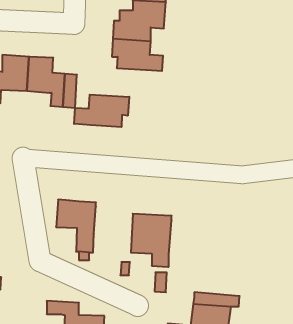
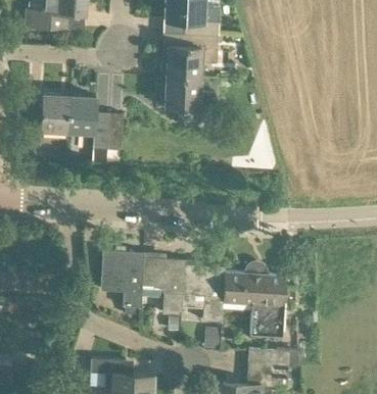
building: [74,95,129,127] -> none
building: none -> [140,257,182,314]
building: none -> [221,273,285,337]

